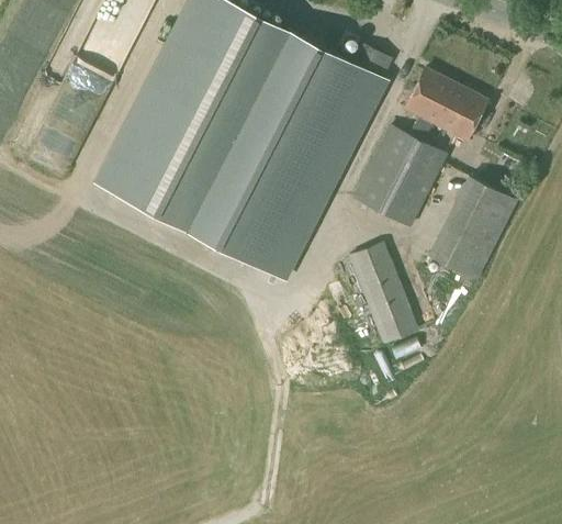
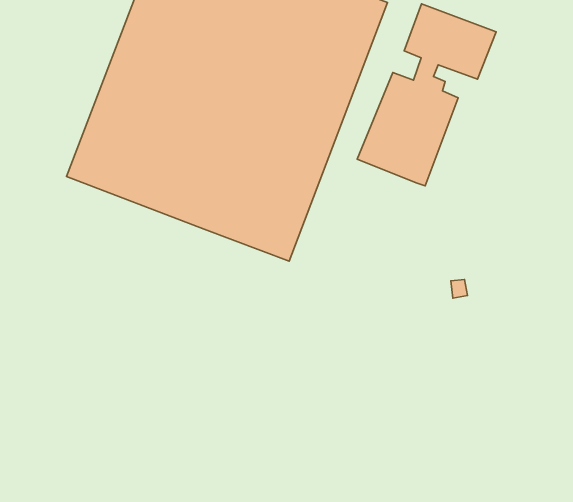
building: [427,177,517,281] -> none
building: [348,243,417,345] -> none

